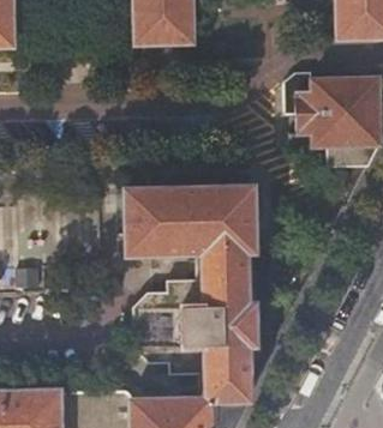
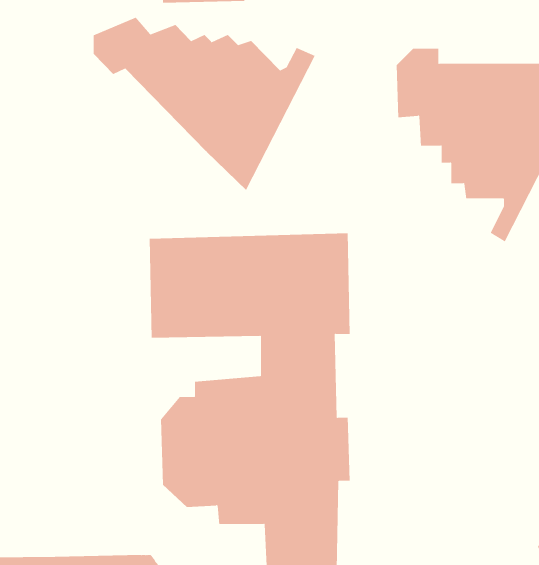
building: none -> [93,17,316,191]

